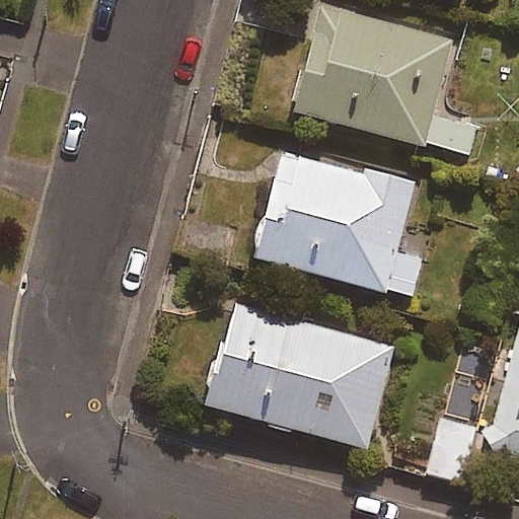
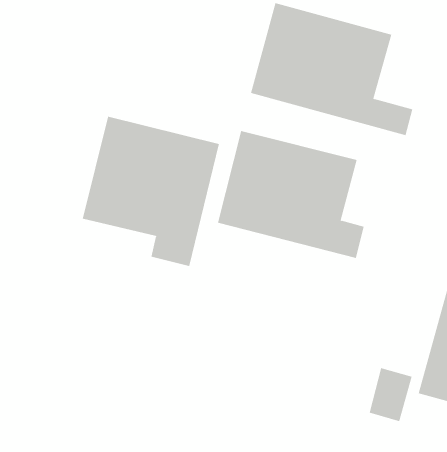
building: none -> [82,116,220,267]
building: [204,302,395,450] -> none

